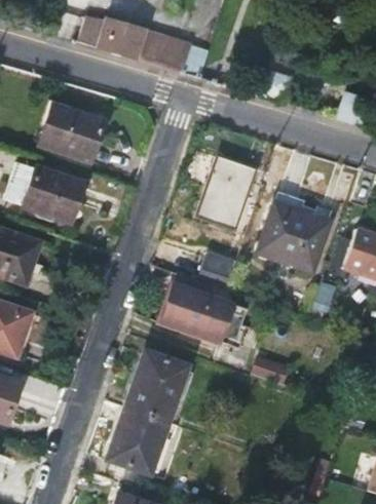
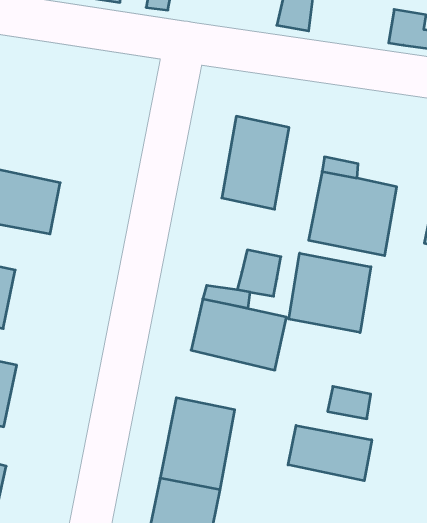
building: [51,112,109,162] -> none
building: none -> [289,253,371,333]
building: none -> [288,425,372,481]

